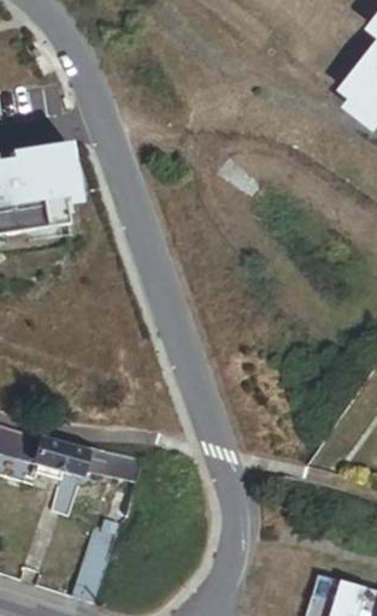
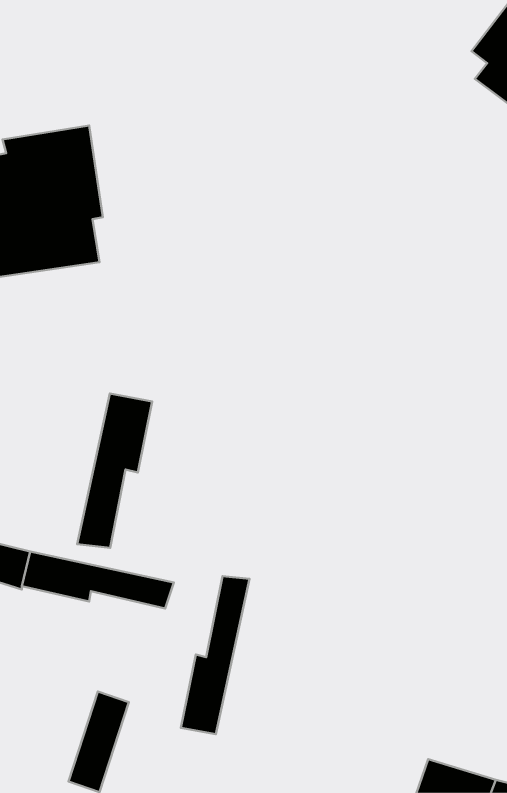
building: none -> [77,393,152,548]
building: none -> [181,576,250,734]

